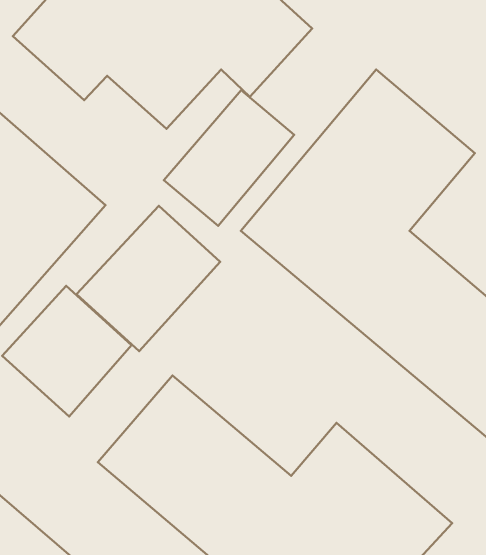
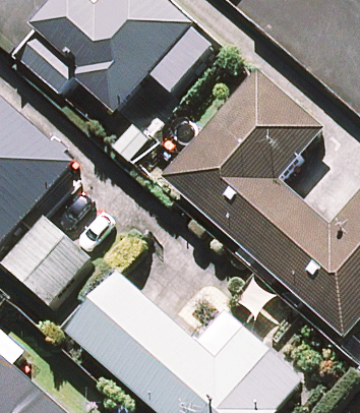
building: [164,90,294,226] -> none
building: [76,206,220,351] -> none

